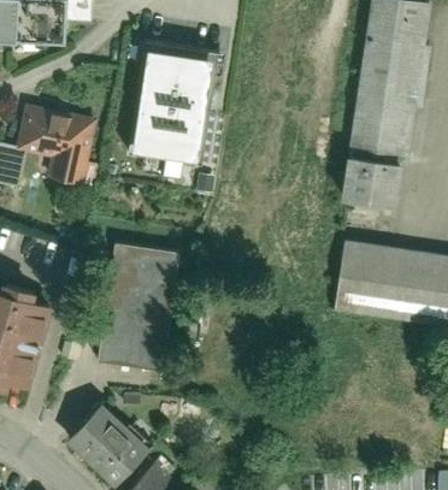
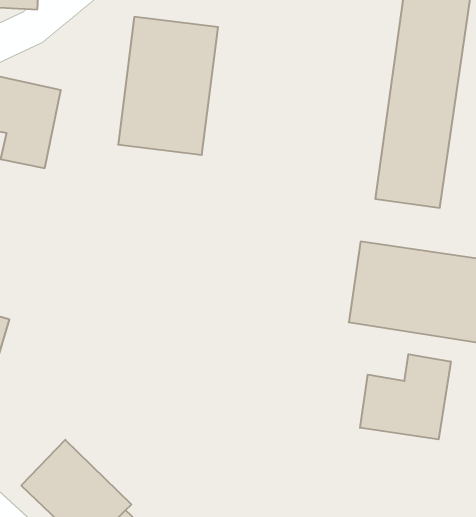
building: [102,246,188,373] -> none
building: none -> [360,354,451,439]

